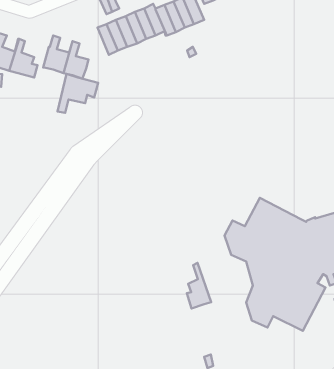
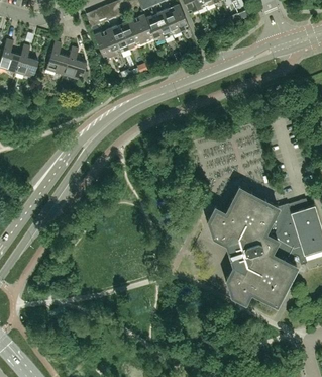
building: [58,74,98,113] -> none
building: [187,263,211,308] -> none

